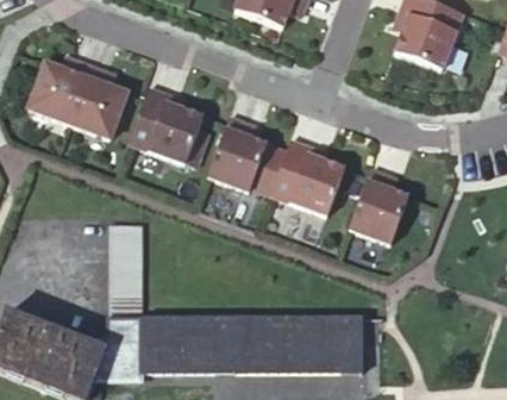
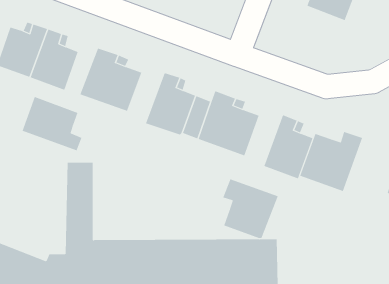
building: none -> [22,96,82,151]
building: none -> [300,131,363,192]
building: none -> [222,179,278,239]

